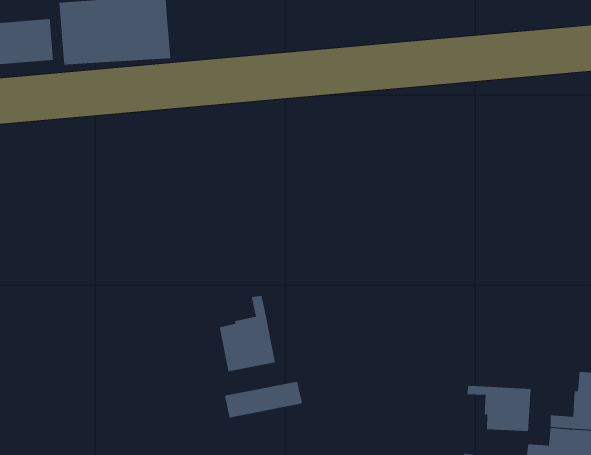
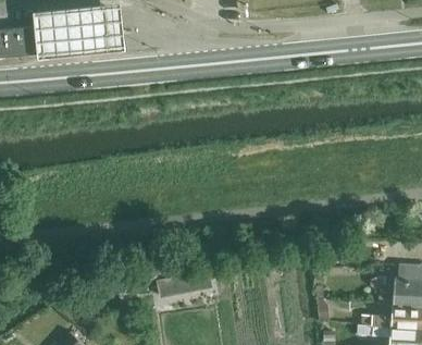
building: [219,295,275,372] -> none
building: [467,385,531,432] -> none

